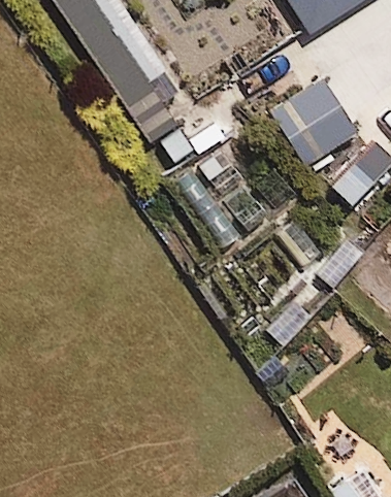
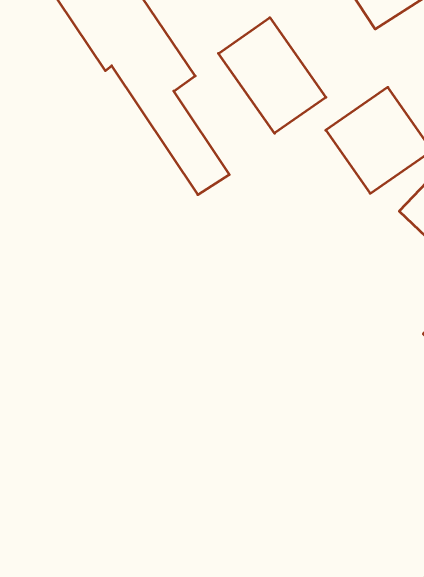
building: none -> [218,18,326,133]

